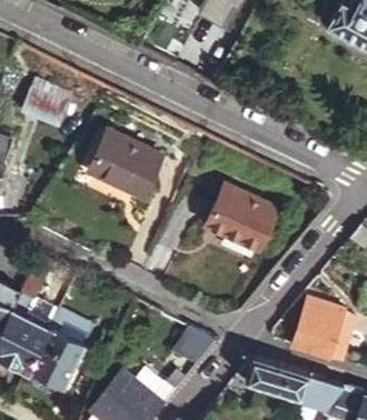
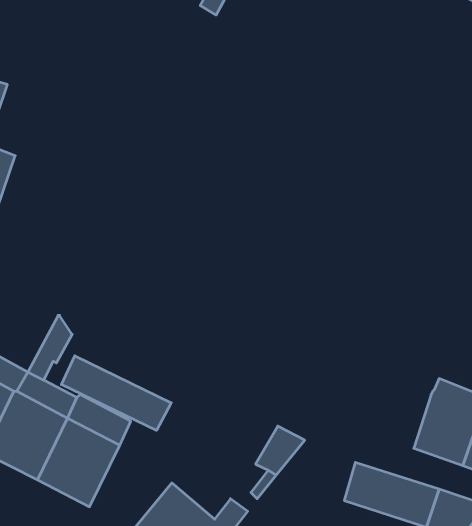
building: [23,81,75,129] -> none
building: [85,136,159,201] -> none
building: [202,190,275,256] -> none
building: none -> [61,356,171,430]

